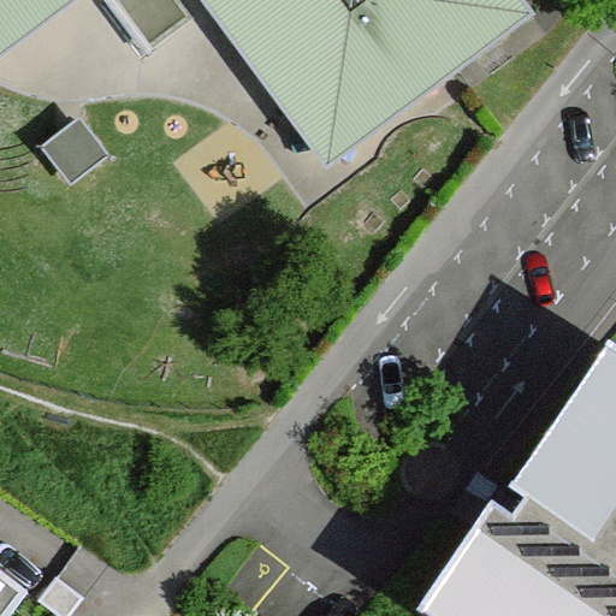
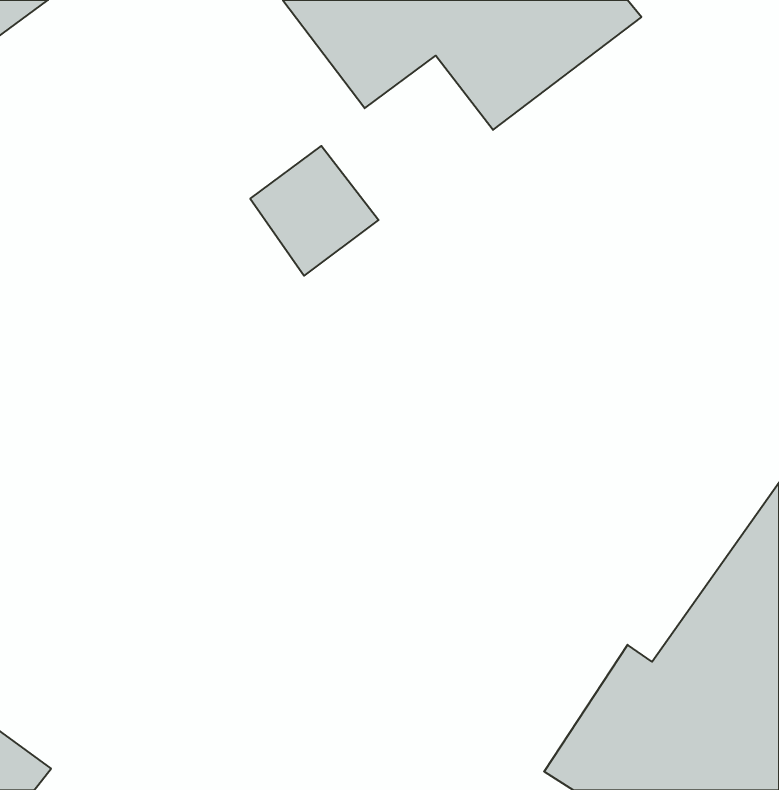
building: [284,43,384,144] -> [250,146,379,276]

